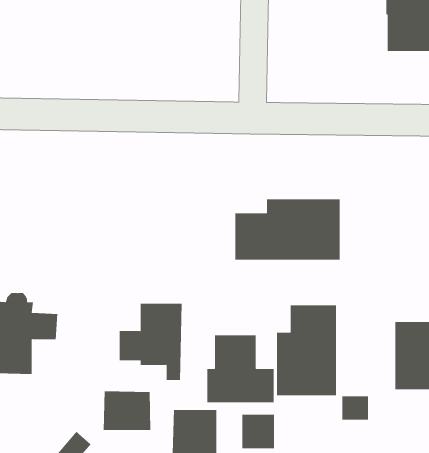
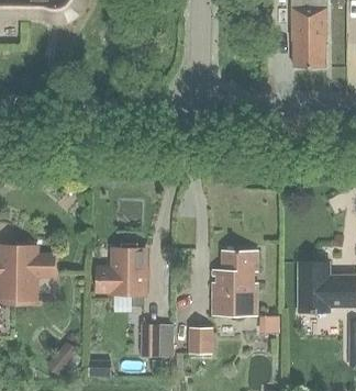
building: [235,199,340,261] -> none
building: [207,335,274,403] -> none
building: [103,390,151,431] -> none

